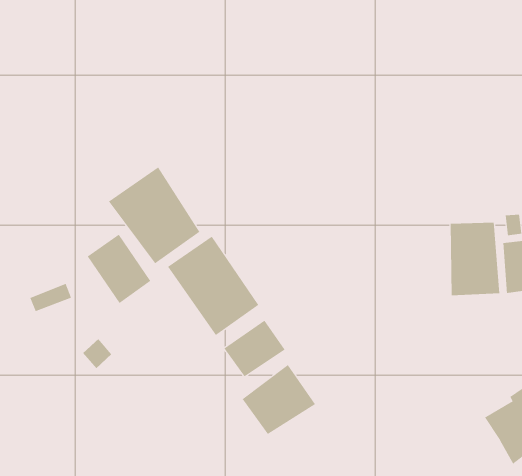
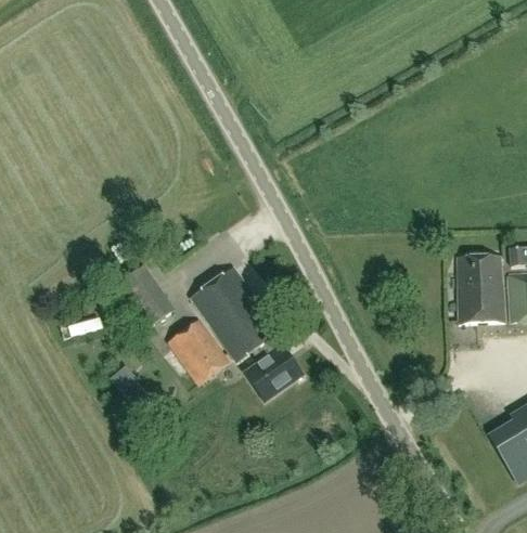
building: [108,166,200,264] -> none
building: none -> [167,318,229,382]
building: [242,364,316,435] -> none

